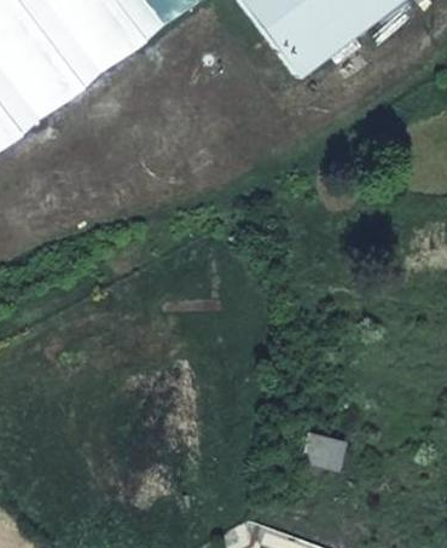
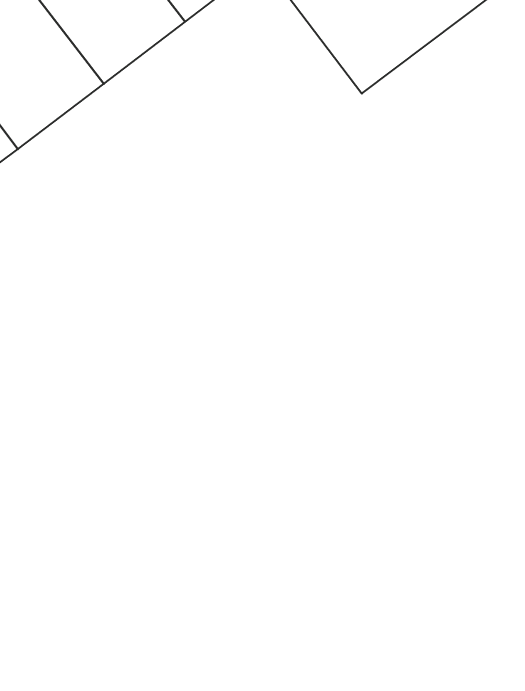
building: [300,431,348,471] -> none

